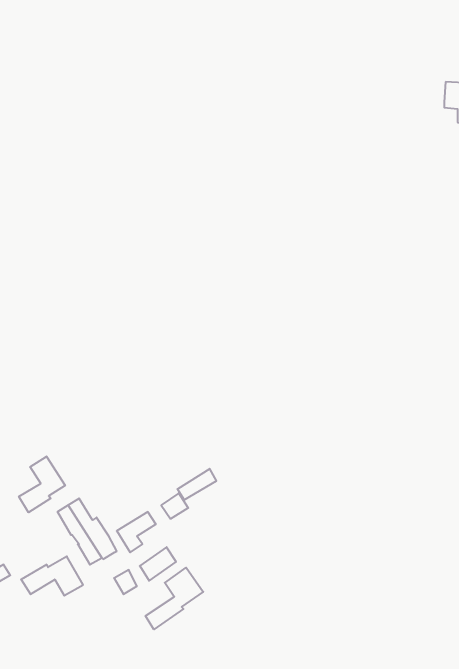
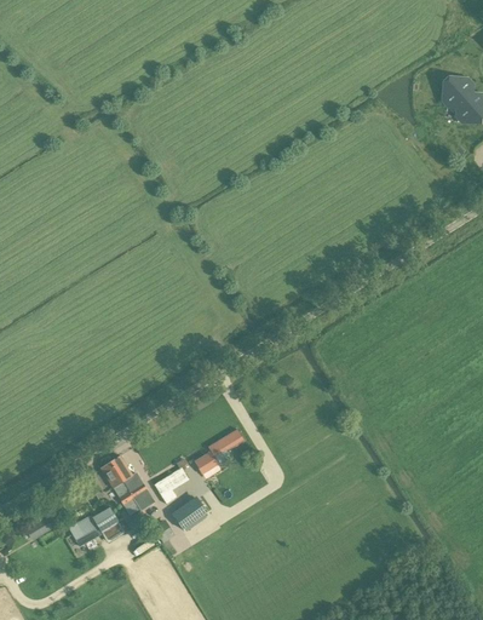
building: [19,456,65,512] -> none
building: [146,568,203,629] -> none

